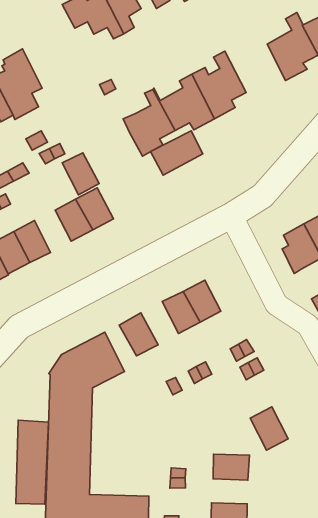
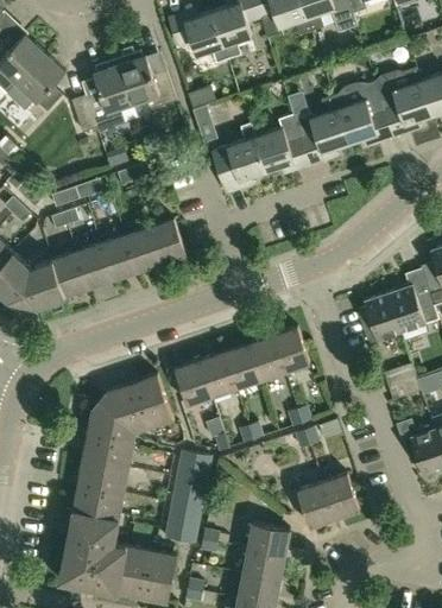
building: none -> [333,81,392,145]
building: none -> [118,51,176,109]
building: [151,131,203,175] -> none
building: [62,153,99,195] -> [101,235,137,279]
building: none -> [272,325,309,370]
building: none -> [198,350,235,395]
building: none -> [322,473,359,518]
building: [16,420,49,504] -> [164,450,213,544]
building: none -> [241,547,284,580]

